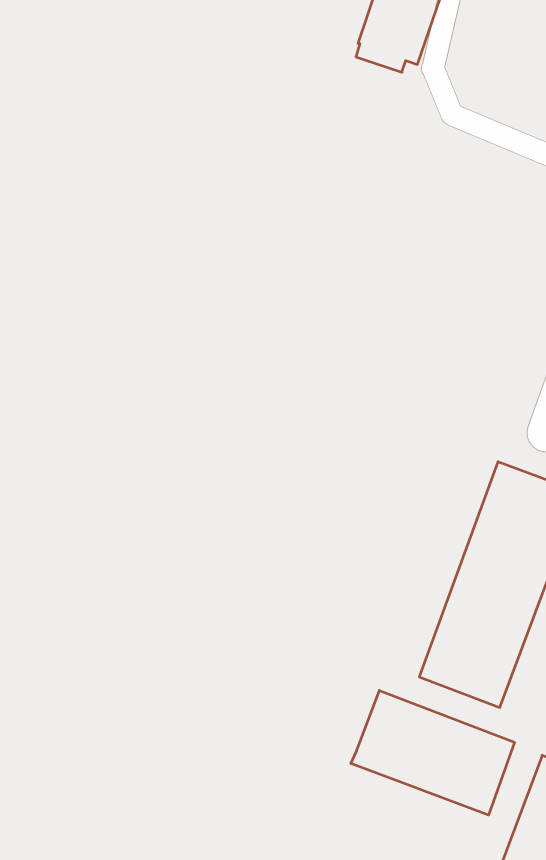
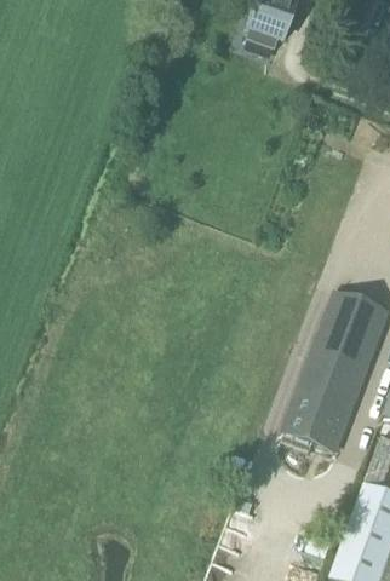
building: [351,690,514,815] -> none

